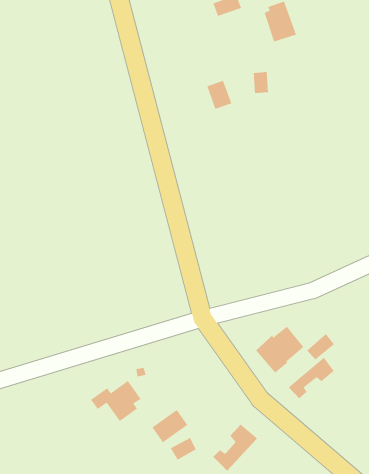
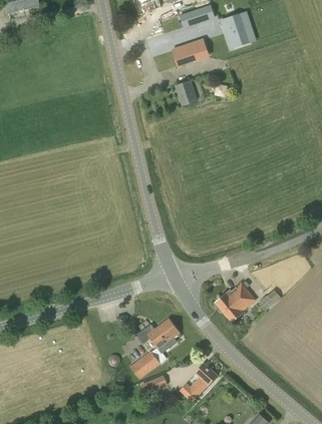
building: none -> [172,42,201,66]
building: [288,357,335,399] -> none
building: [90,380,142,422] -> [137,318,180,352]

